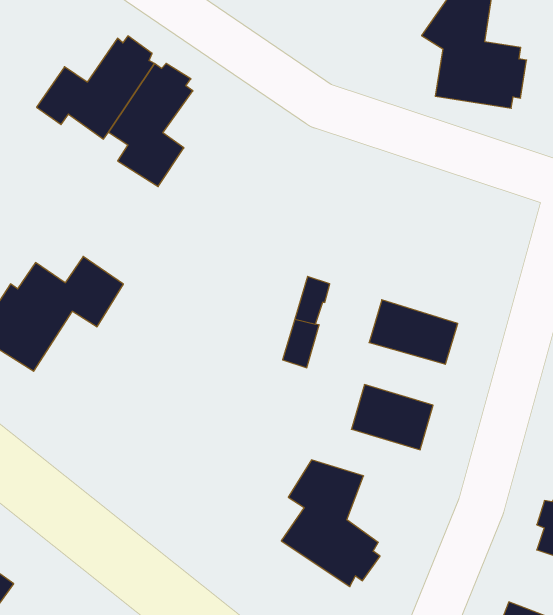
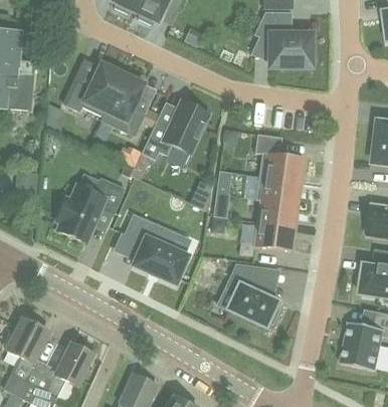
building: none -> [141,98,208,159]
building: none -> [254,135,303,182]
building: none -> [124,214,187,283]
building: none -> [255,199,297,226]

